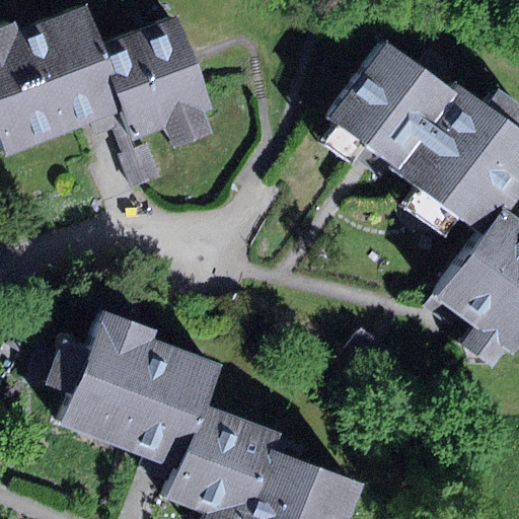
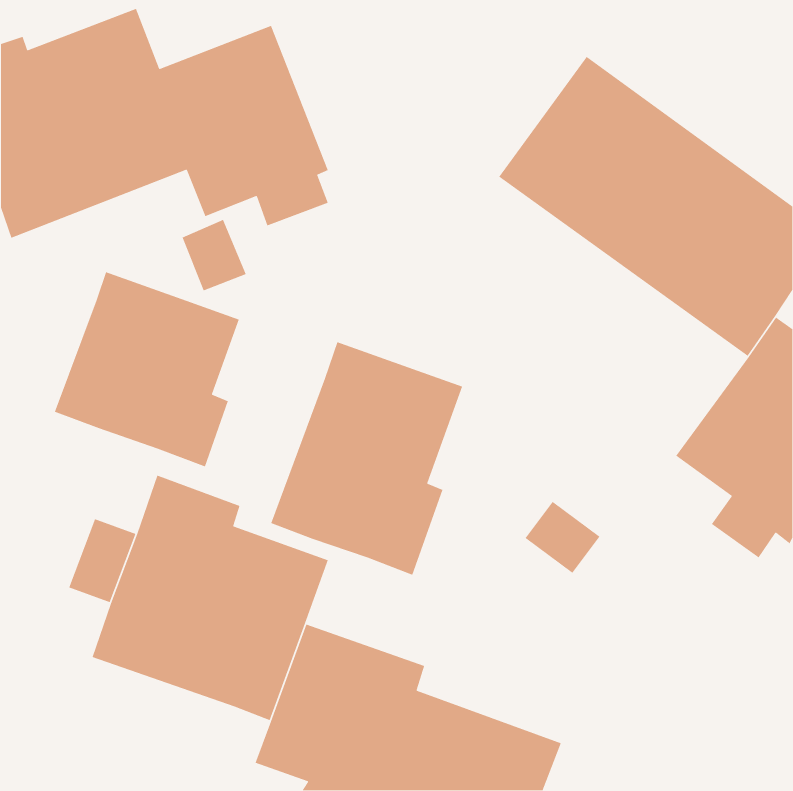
building: none -> [54,271,240,468]
building: none -> [270,341,463,576]

